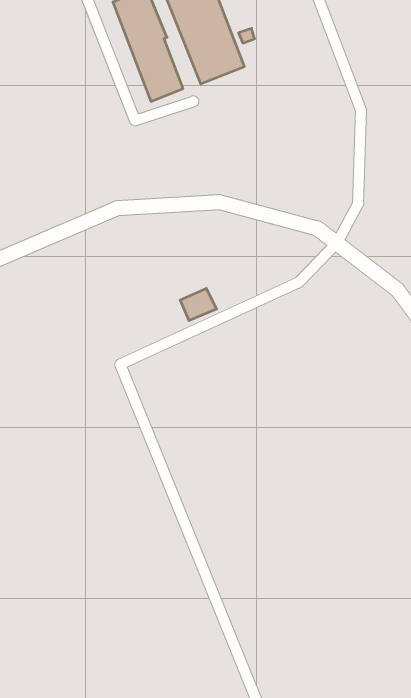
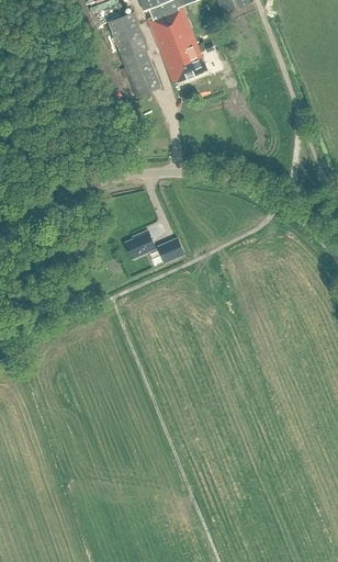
building: none -> [123,228,154,257]

